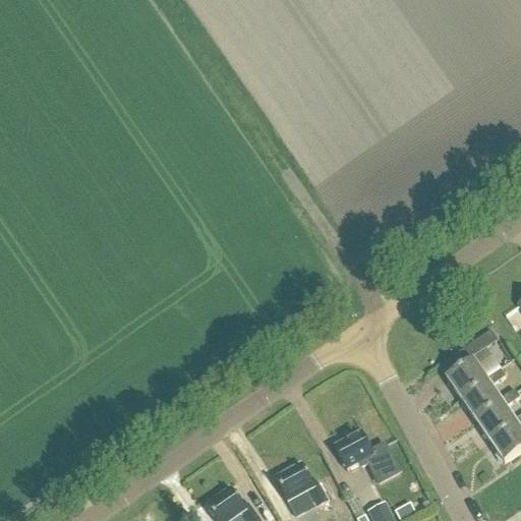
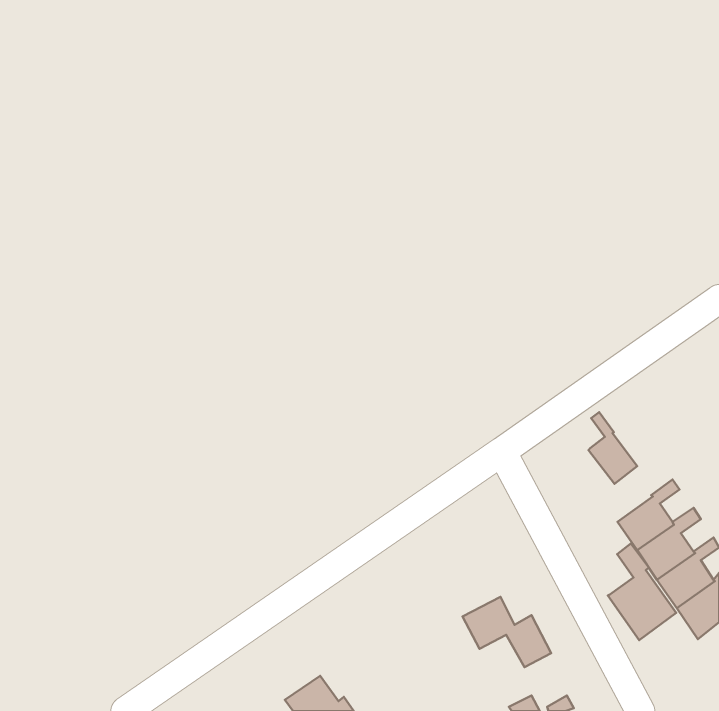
building: none -> [588,412,637,484]
building: none -> [608,543,676,640]
building: [274,463,328,506] -> none

